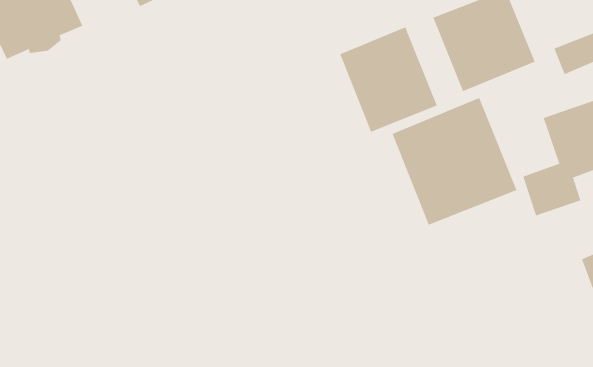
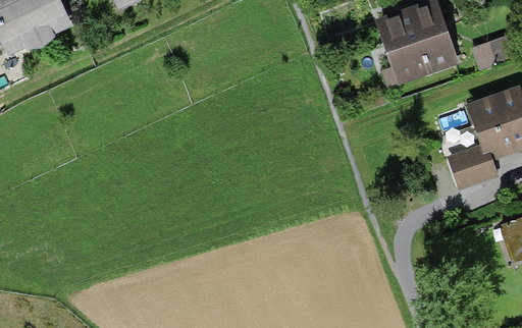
building: [339,26,438,132] -> none
building: [392,97,517,226] -> none

